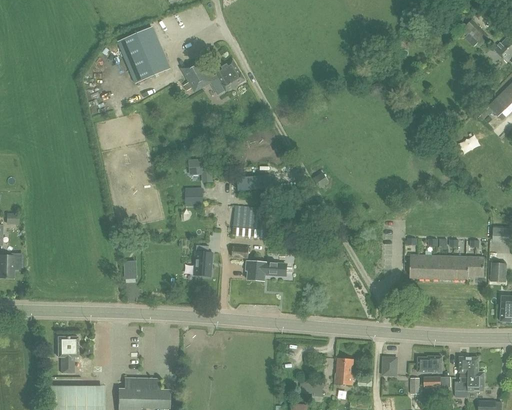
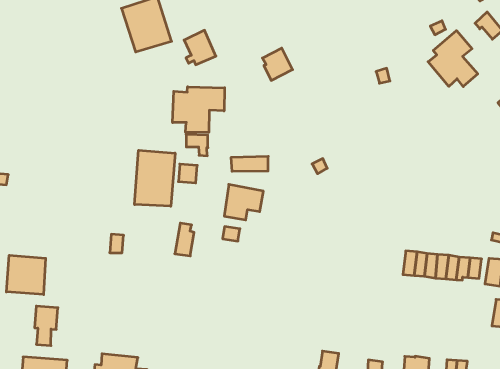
building: none -> [428,31,478,87]
building: [216,59,246,91] -> [262,48,293,80]
building: none -> [173,87,225,132]
building: none -> [135,150,175,206]
building: [246,261,286,280] -> none
building: none -> [6,255,46,295]

